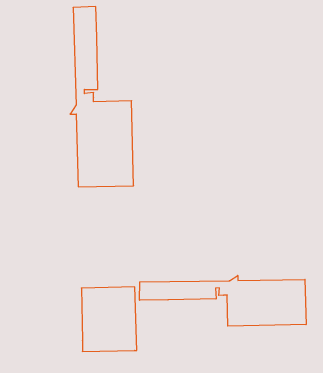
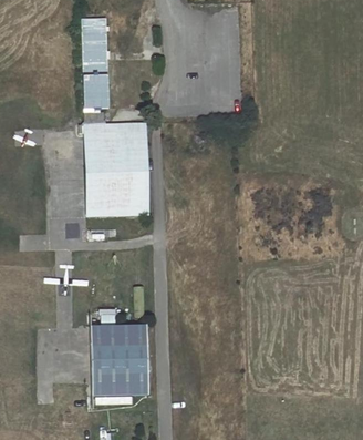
building: [140,275,306,326] -> none

